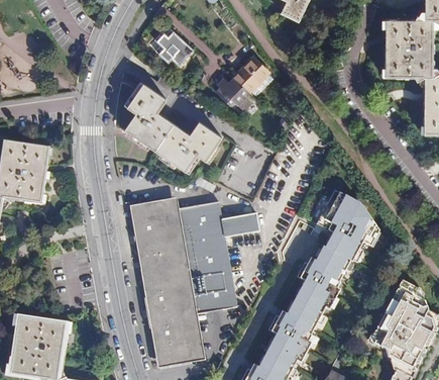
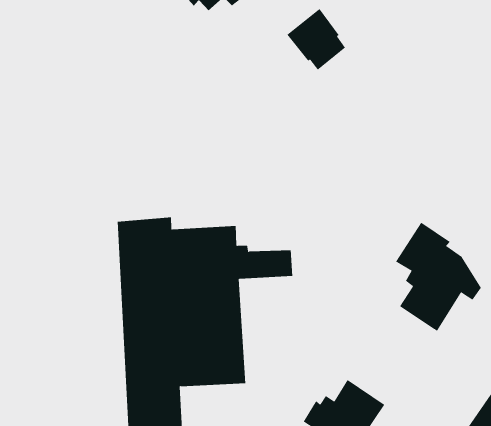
building: [216,74,249,107] -> none
building: [125,81,222,168] -> none
building: [299,245,353,312] -> none

